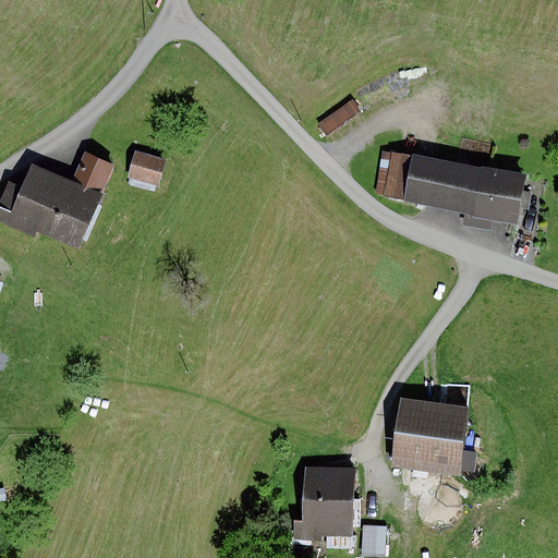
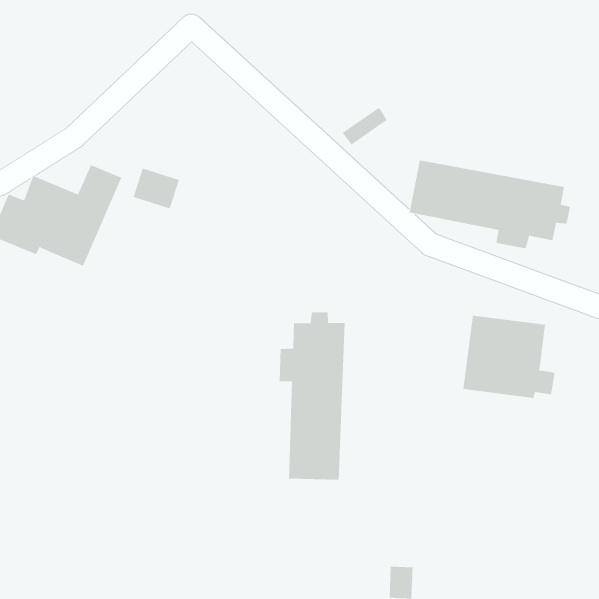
building: none -> [279,311,345,480]
building: [390,398,476,475] -> [463,315,555,398]
building: [291,465,355,541] -> none

